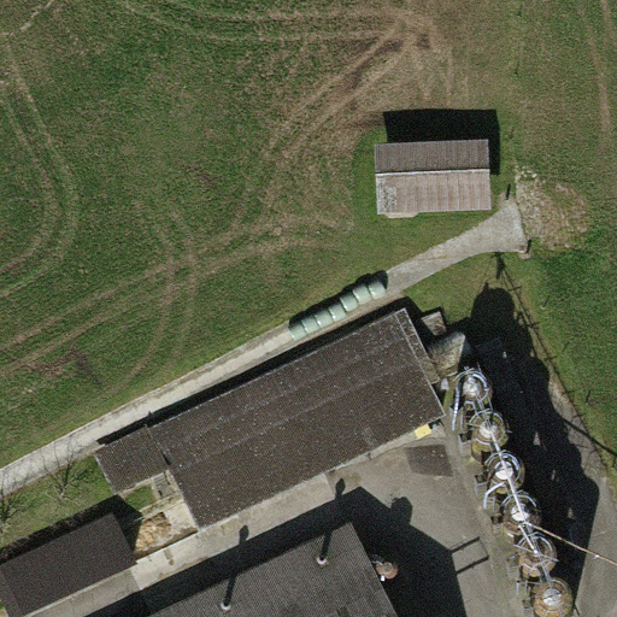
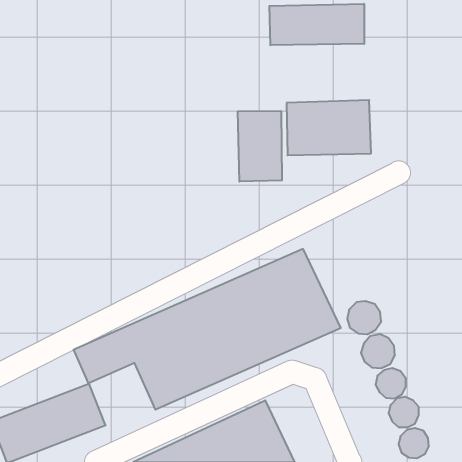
building: none -> [269,4,364,45]
building: none -> [238,111,282,182]

